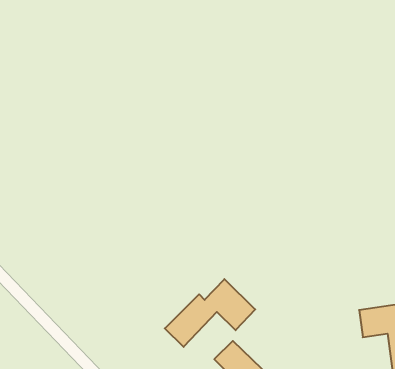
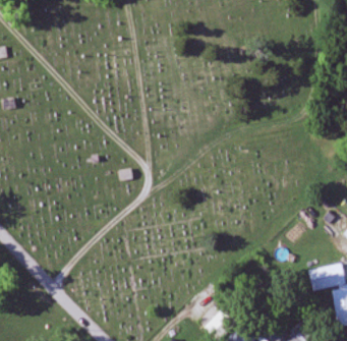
building: [165,279,255,347] -> none

